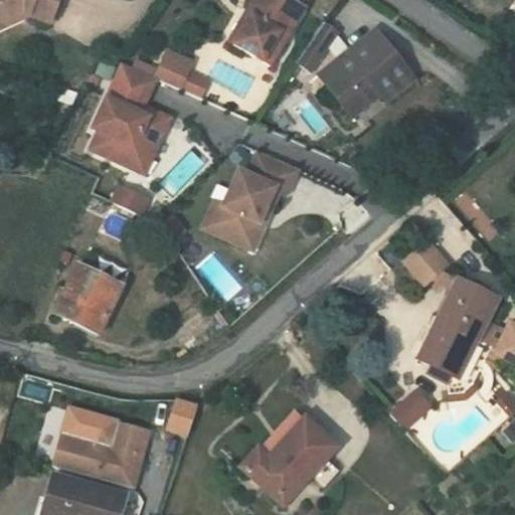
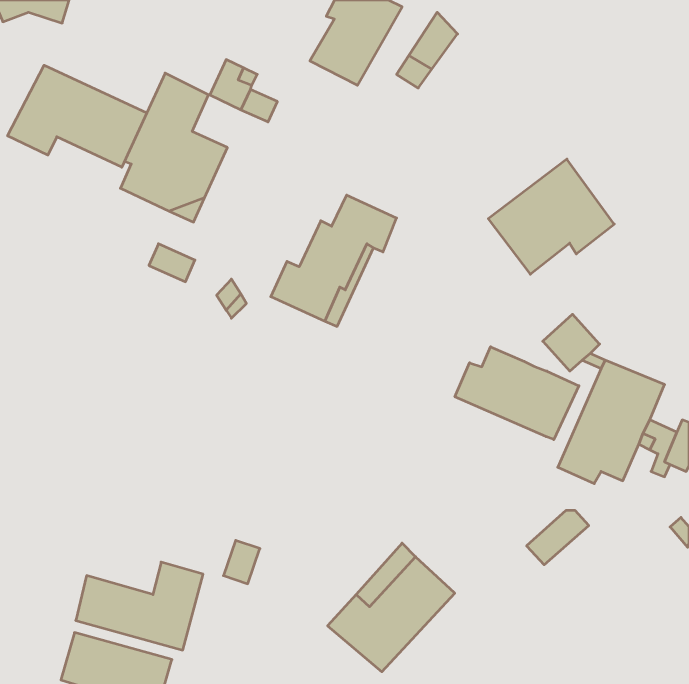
building: [318,29,411,115] -> [488,159,614,274]
building: none -> [8,65,147,167]
building: [57,260,128,330] -> none
building: none -> [455,347,579,440]
building: [64,410,120,448] -> none

